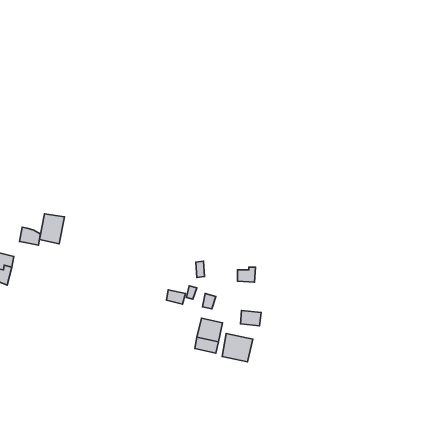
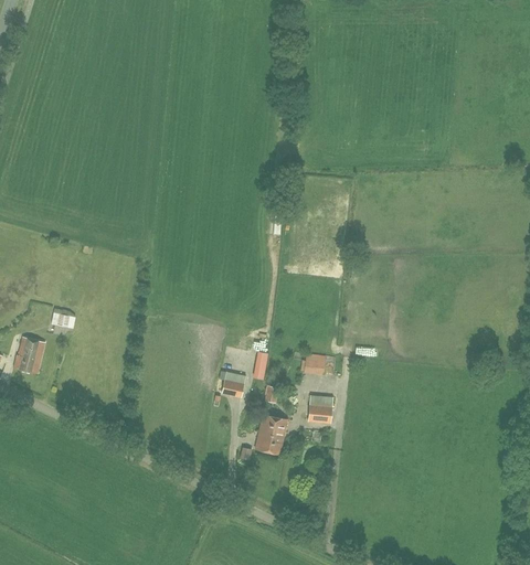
building: [39,214,64,244] -> none
building: [222,333,253,362] -> none

